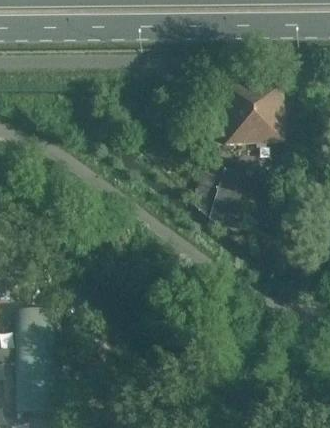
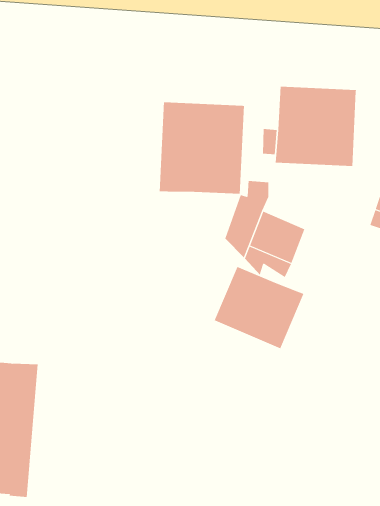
building: none -> [159,101,244,194]
building: none -> [214,266,304,349]

